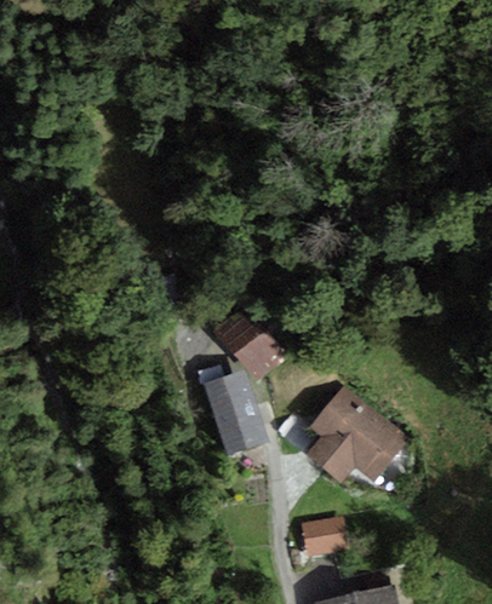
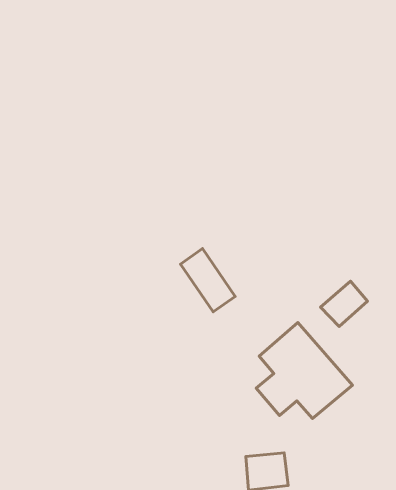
building: none -> [321,281,367,327]
building: [205,374,264,453] -> none

